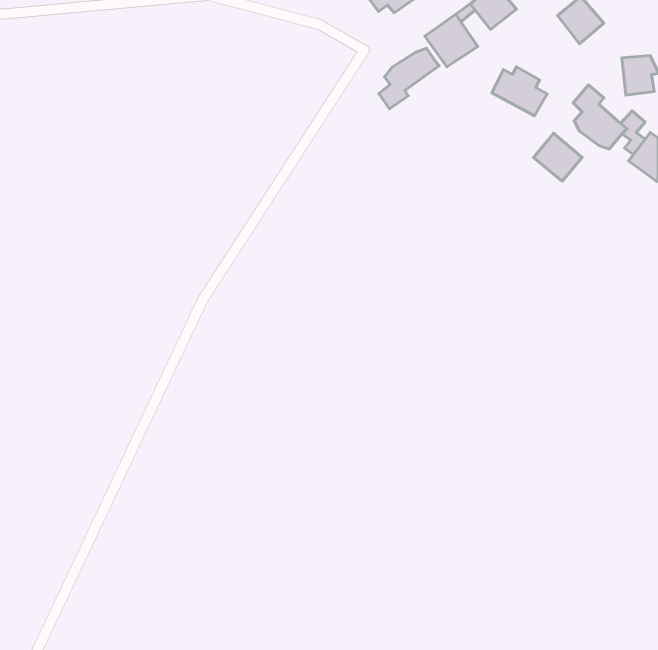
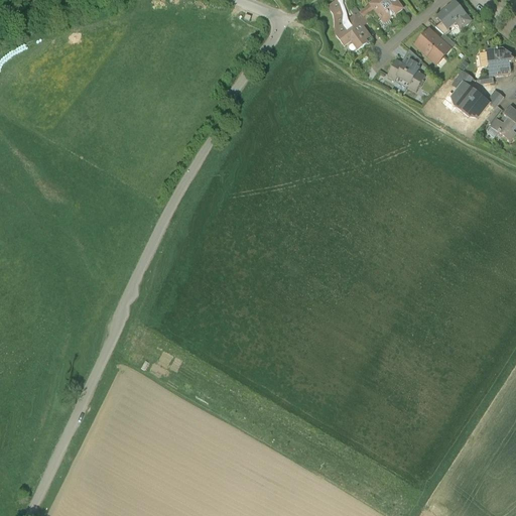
building: none -> [413,24,454,63]
building: [379,48,439,109] -> none
building: [533,133,582,181] -> none

